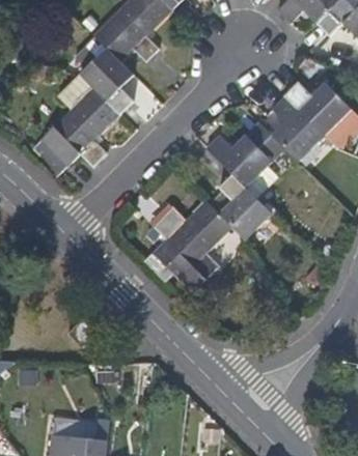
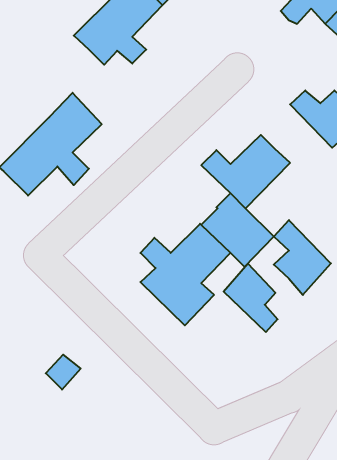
building: [81,47,133,113] -> none
building: [272,95,323,162] -> [274,220,331,295]
building: none -> [224,264,278,332]

